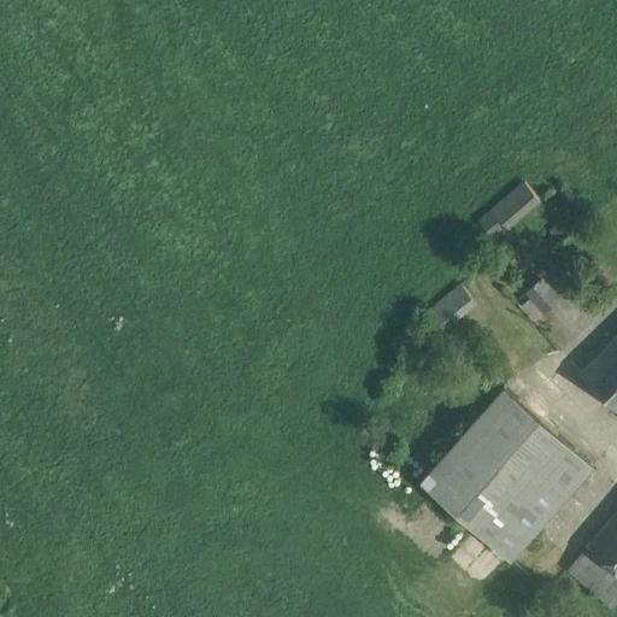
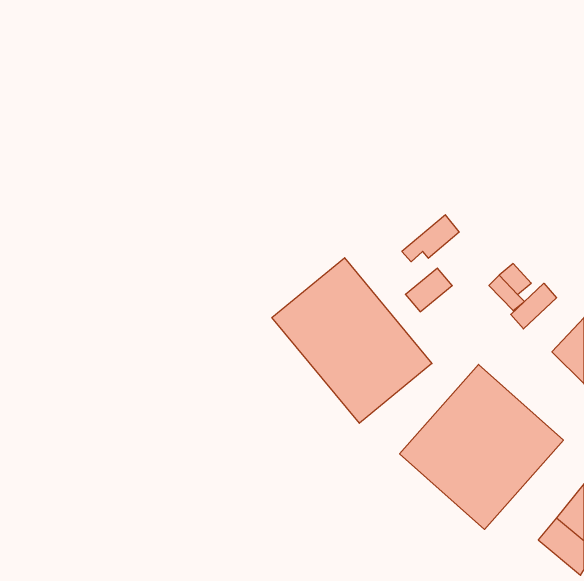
building: [478,186,539,235] -> [402,215,459,262]
building: none -> [272,258,432,423]
building: none -> [511,283,557,329]

